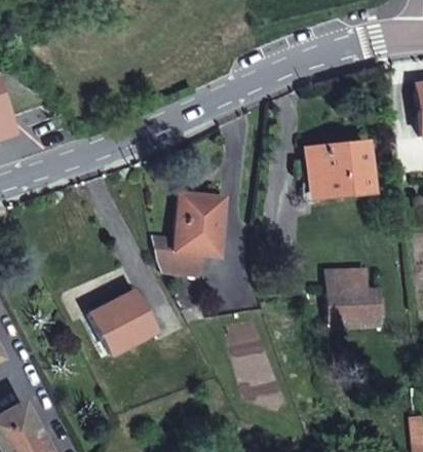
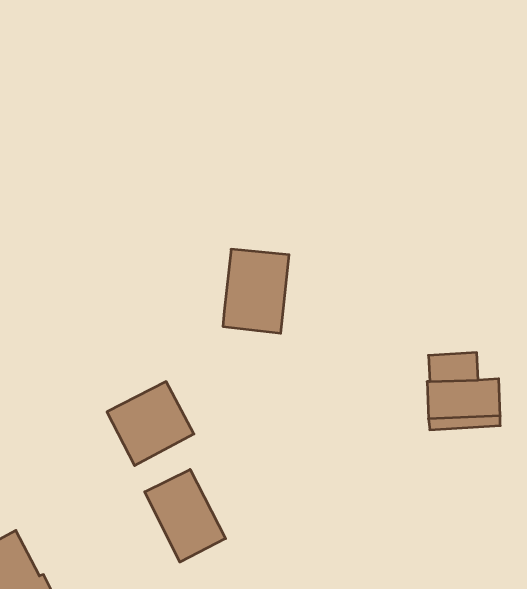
building: [307,141,372,197] -> none
building: [154,236,201,273] -> none
building: none -> [145,469,226,562]

